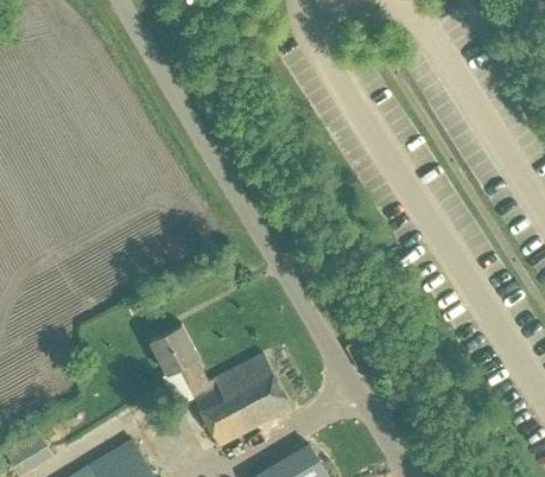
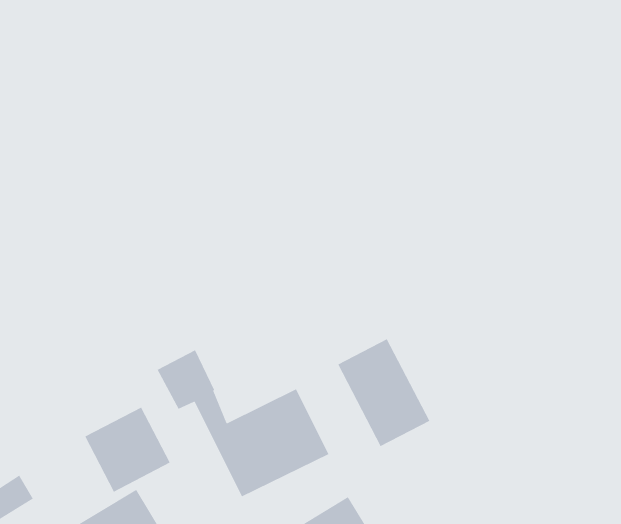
building: none -> [337,338,430,447]
building: none -> [84,406,171,493]

